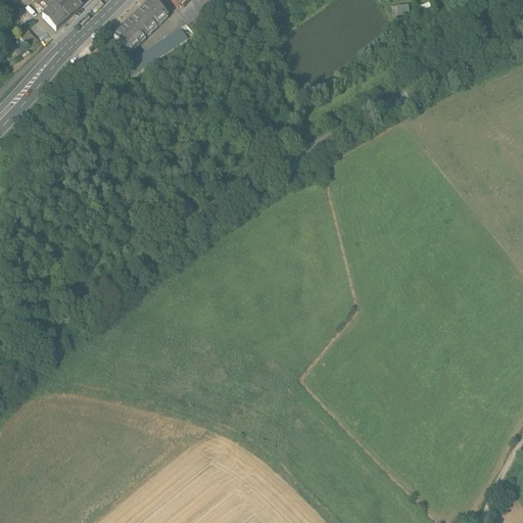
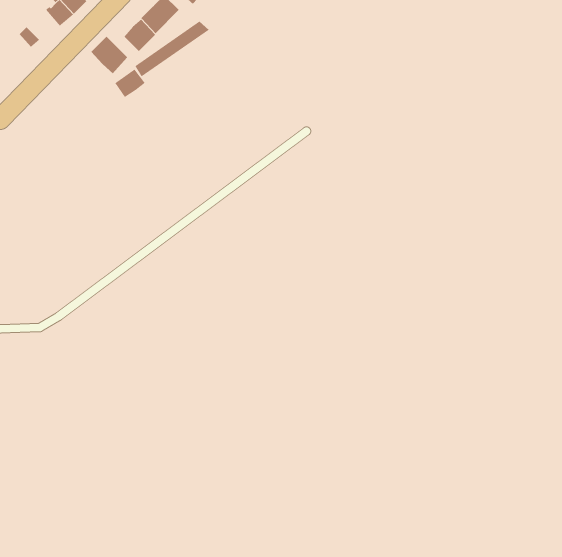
building: none -> [91,36,129,74]
building: none -> [114,68,146,98]

